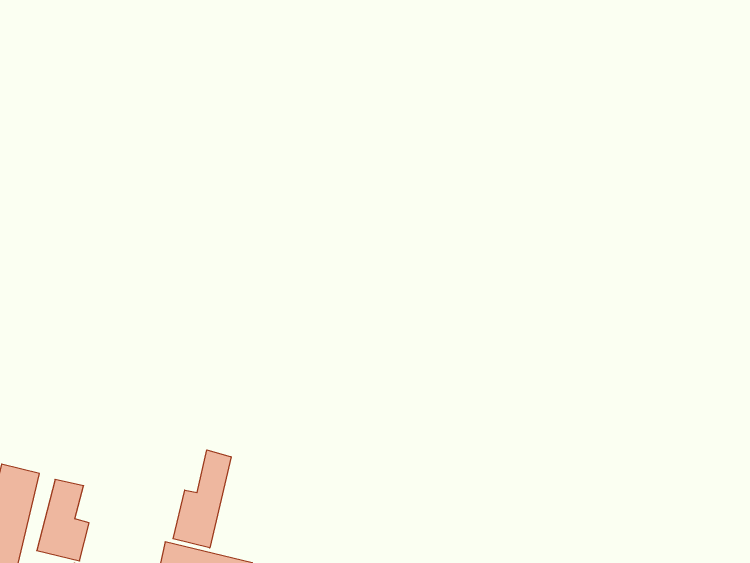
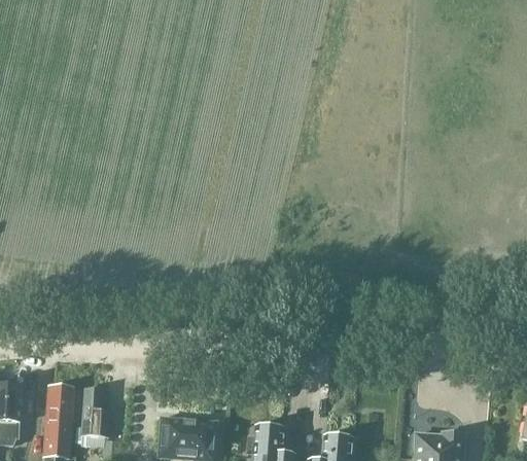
building: [173,450,231,548] -> none

